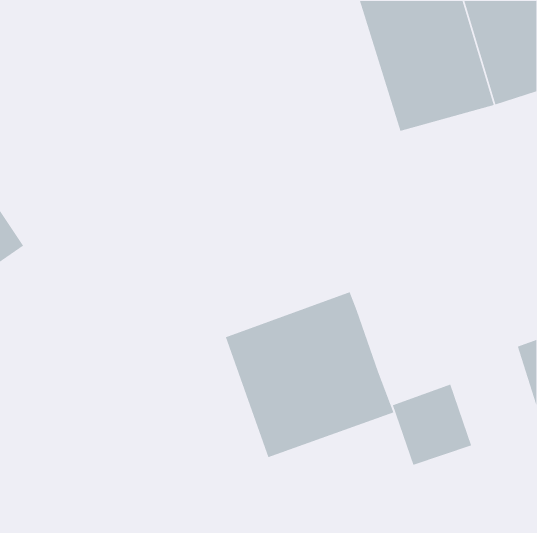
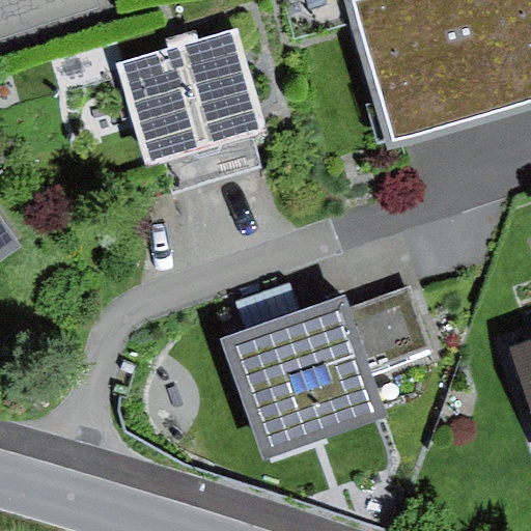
building: none -> [115,29,268,165]
building: [392,384,472,466] -> [352,290,430,371]

